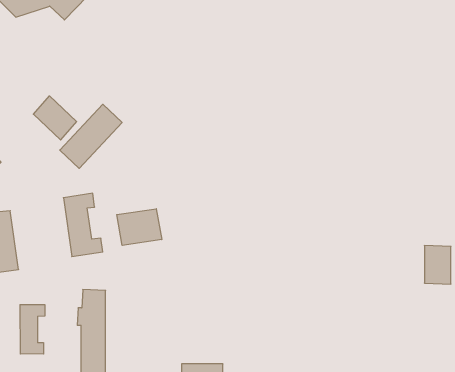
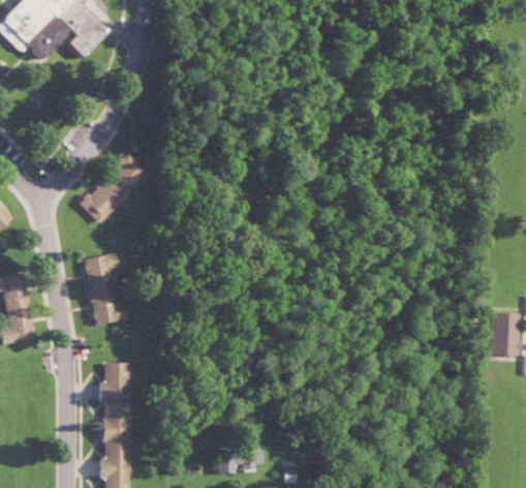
building: [33,96,77,140] -> none
building: [117,209,162,245] -> none
building: [20,305,45,354] -> none

